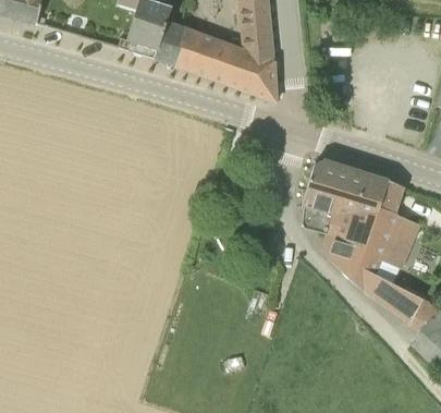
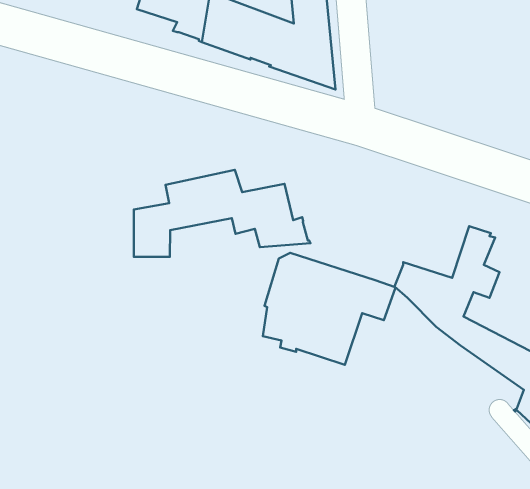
building: [303,158,403,243] -> [263,253,395,365]
building: none -> [134,170,310,257]

